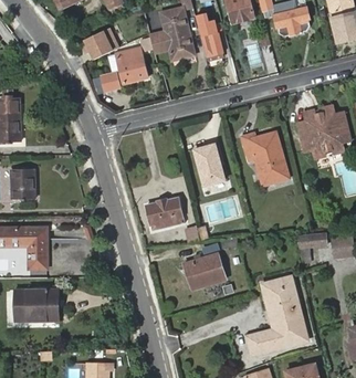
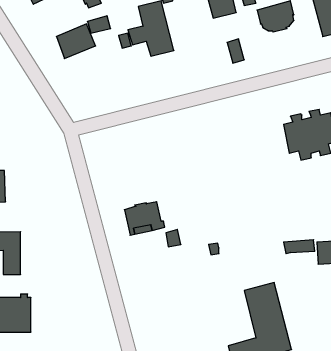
building: [199,20,223,55] -> none
building: [102,49,147,91] -> none
building: [241,133,284,183] -> none
building: [195,144,223,185] -> none
building: [186,253,226,288] -> none

